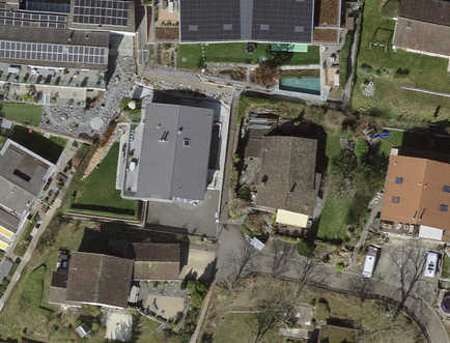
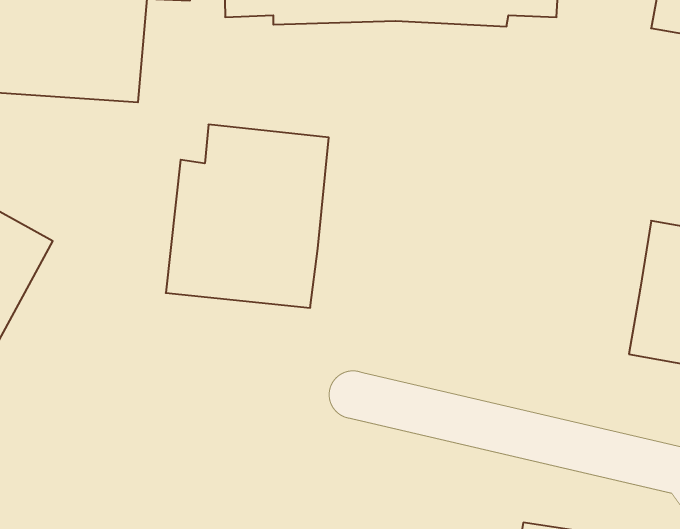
building: [244,121,318,208] -> none
building: [48,242,178,310] -> none

